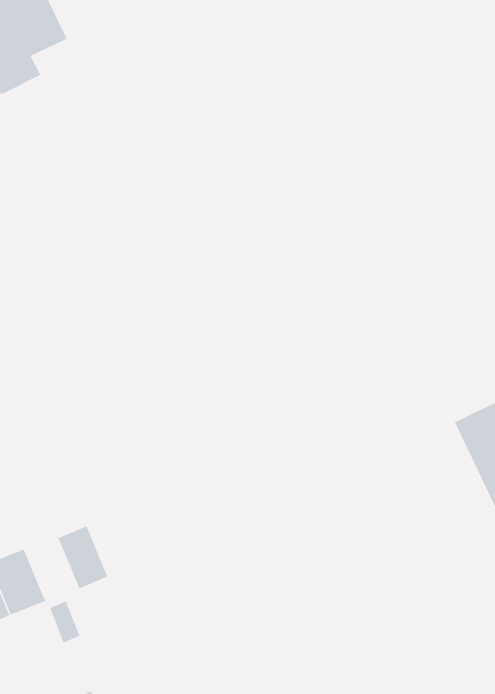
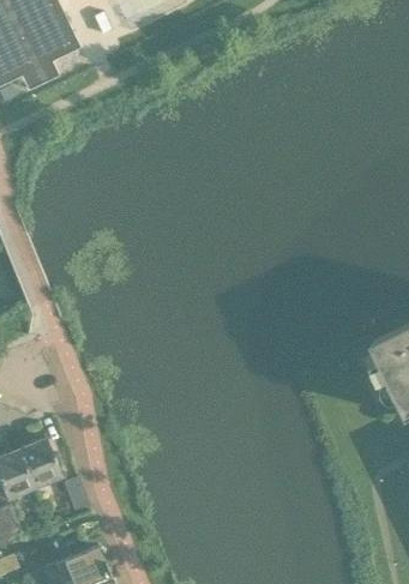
building: [58,525,108,590] -> none

